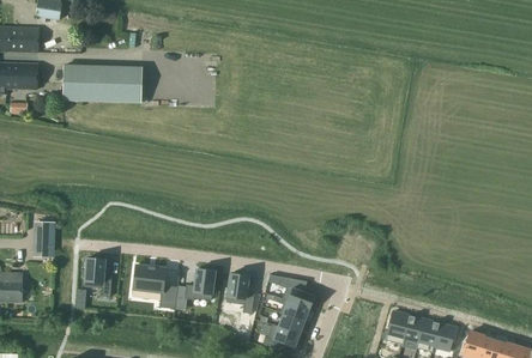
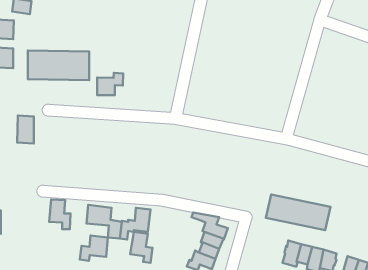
building: none -> [97,73,123,95]
building: [32,220,54,256] -> [17,116,34,144]
building: none -> [266,194,330,230]
building: [225,273,254,313] -> [130,232,152,263]
building: none -> [80,236,108,261]

